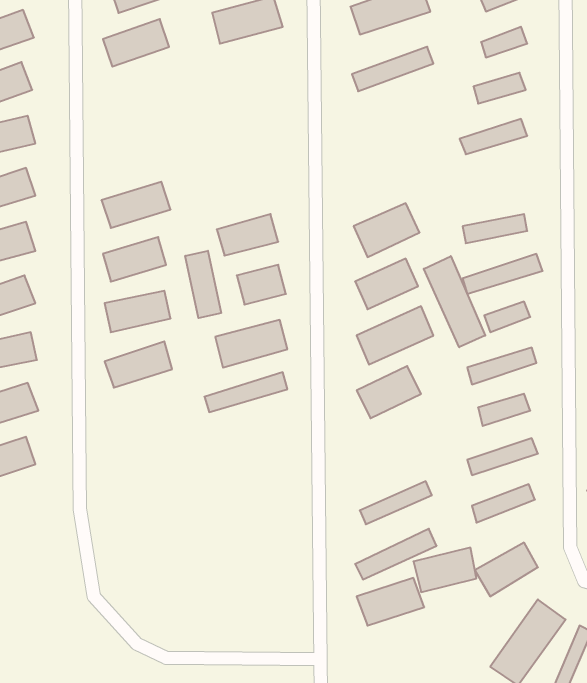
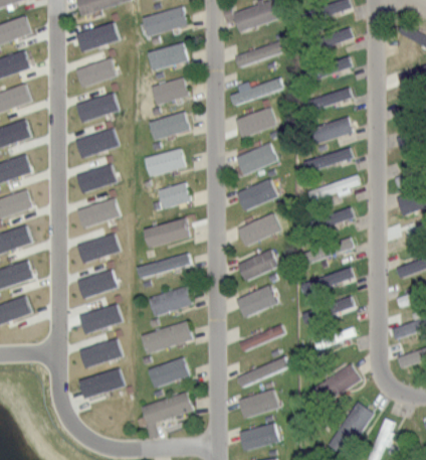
building: none -> [148,42,190,69]
building: none -> [72,59,113,86]
building: none -> [236,72,275,103]
building: none -> [152,78,190,105]
building: none -> [72,93,117,123]
building: none -> [236,108,278,140]
building: none -> [150,112,191,141]
building: none -> [311,115,353,143]
building: [185,251,221,318] -> none
building: [424,256,485,347] -> none
building: none -> [73,271,115,297]
building: none -> [239,284,281,318]
building: none -> [149,287,194,317]
building: none -> [75,303,121,334]
building: none -> [142,319,194,354]
building: none -> [76,339,121,367]
building: none -> [151,356,192,388]
building: none -> [75,367,123,399]
building: [413,548,476,592] -> [239,423,280,452]
building: none -> [144,390,196,426]

